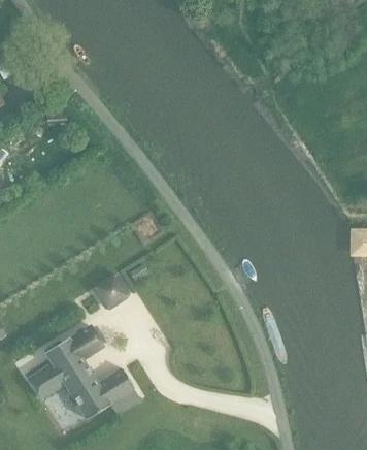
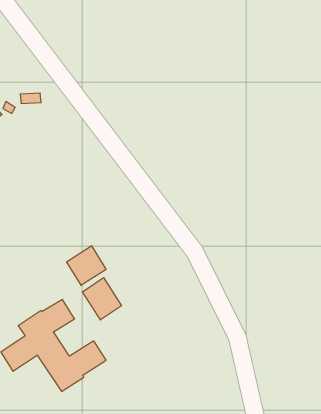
building: none -> [82,278,121,320]

